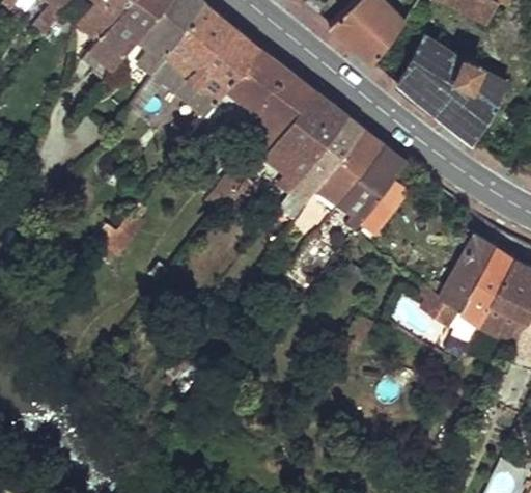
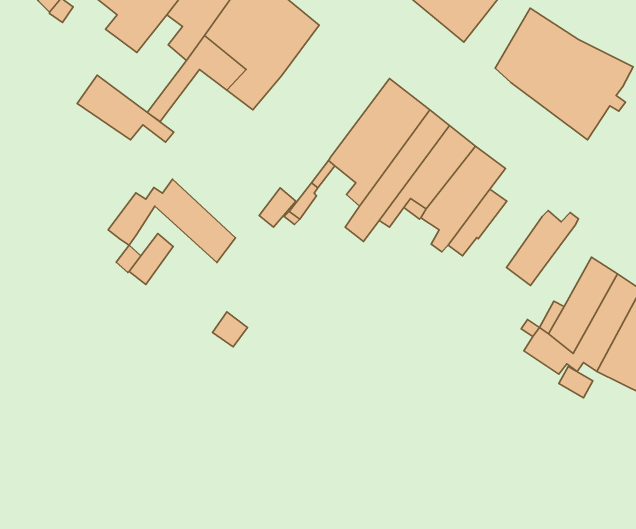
building: [227,48,313,153] -> none
building: none -> [77,75,174,142]
building: none -> [108,179,235,262]
building: none -> [506,210,579,285]

